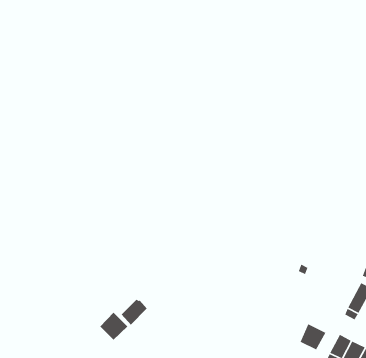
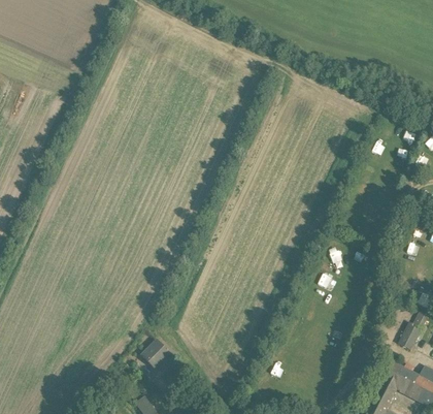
building: [121,299,147,325] -> none
building: [299,323,326,351] -> none

